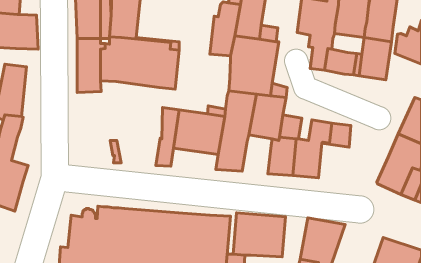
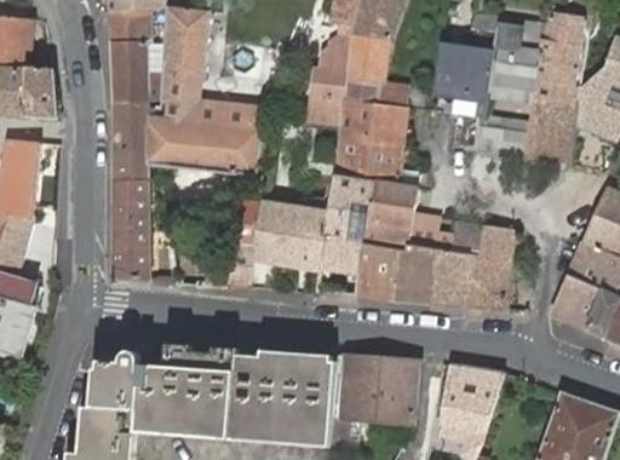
building: none -> [113,179,149,281]
building: none -> [354,252,396,299]
building: none -> [465,254,510,309]

